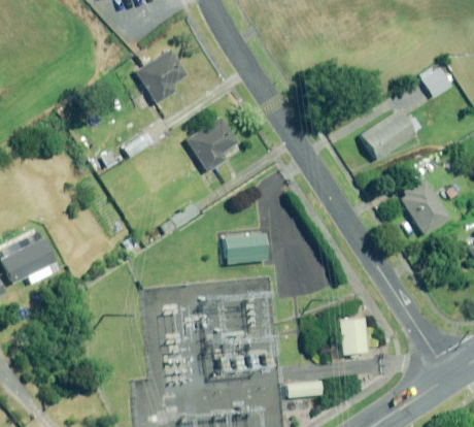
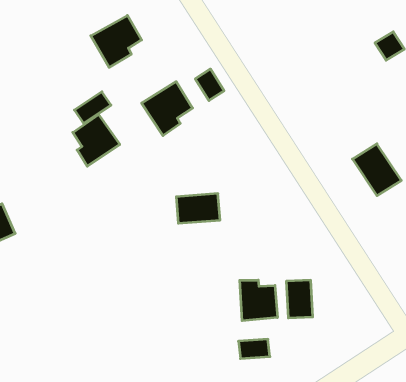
building: none -> [195,69,224,101]
building: [361,110,414,159] -> none
building: none -> [73,114,120,166]
building: none -> [240,280,277,321]

